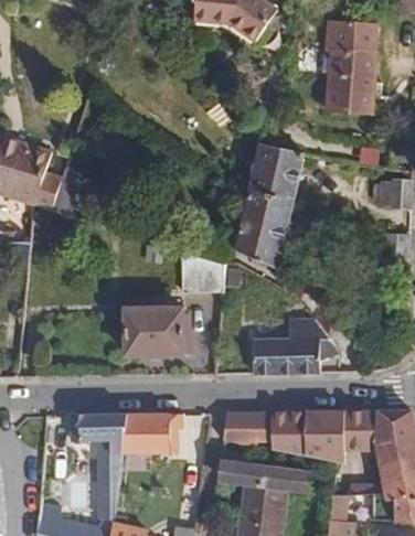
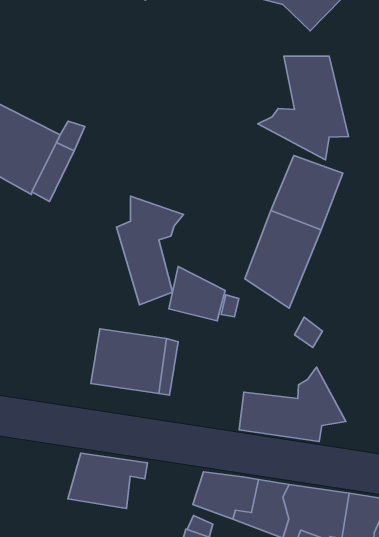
building: none -> [258,56,348,160]
building: none -> [117,196,184,305]
building: [71,414,126,479] -> none

